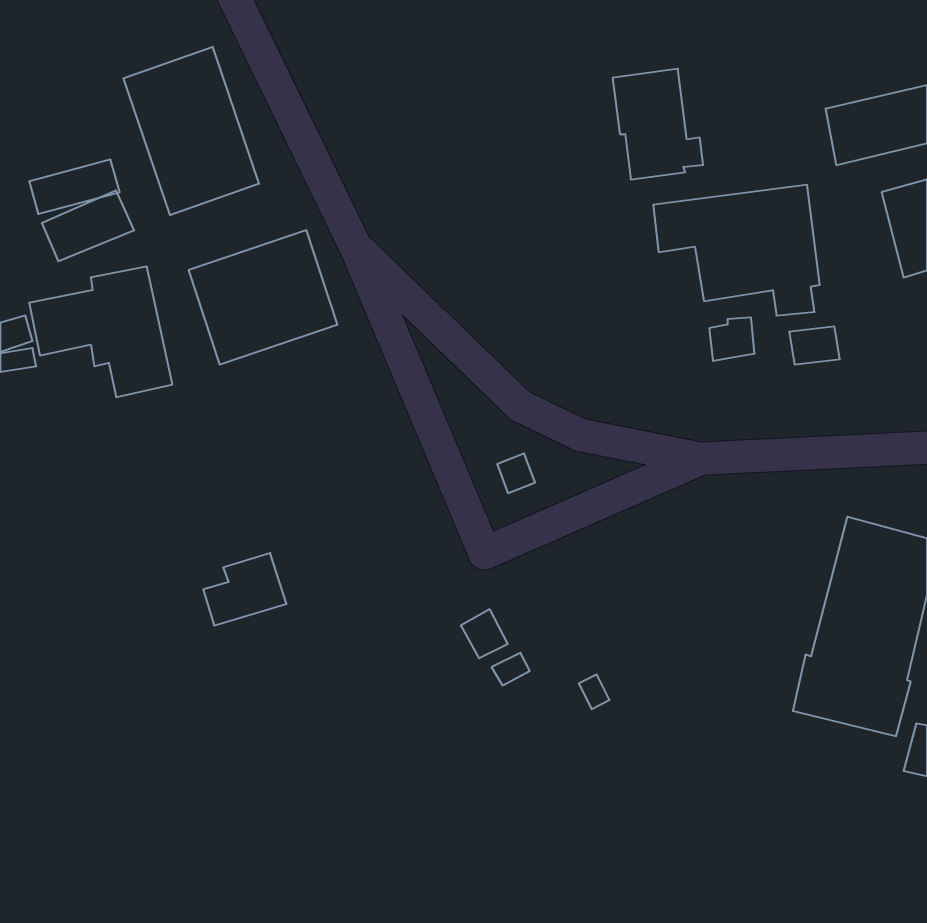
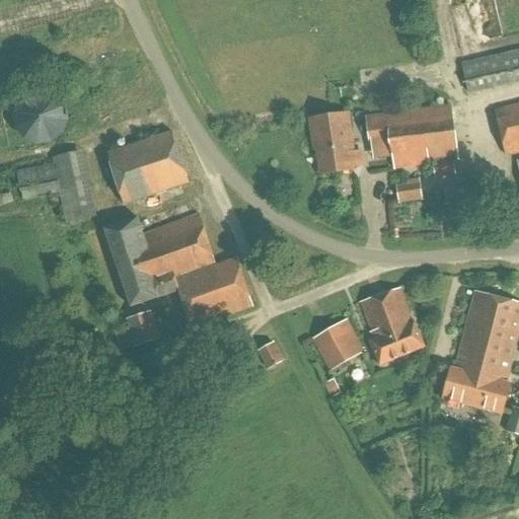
building: [124,47,259,215] -> none
building: [613,69,703,179] -> [310,112,361,173]
building: none -> [103,212,253,327]
building: none -> [359,287,424,363]
building: none -> [311,318,365,370]

